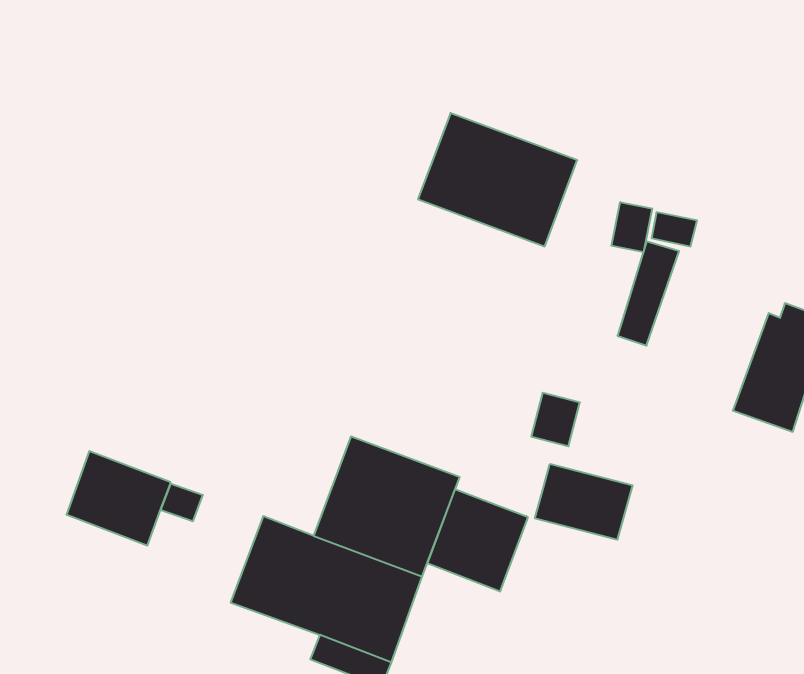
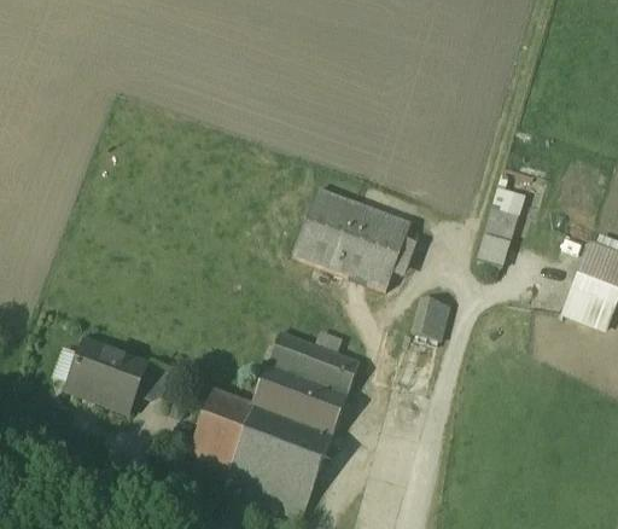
building: [418,113,577,246] -> [292,190,410,289]
building: [611,202,652,252] -> none
building: [535,464,633,540] -> none
building: [428,489,528,592] -> none

